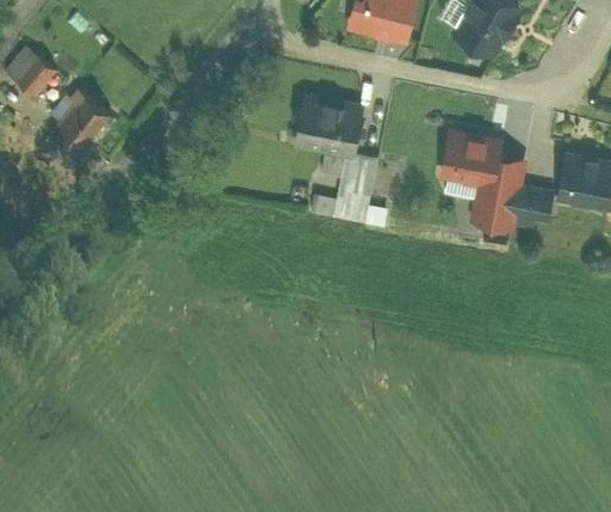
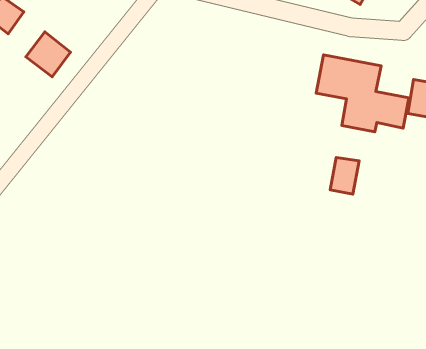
building: [289,95,380,221] -> none
building: none -> [330,157,359,194]

